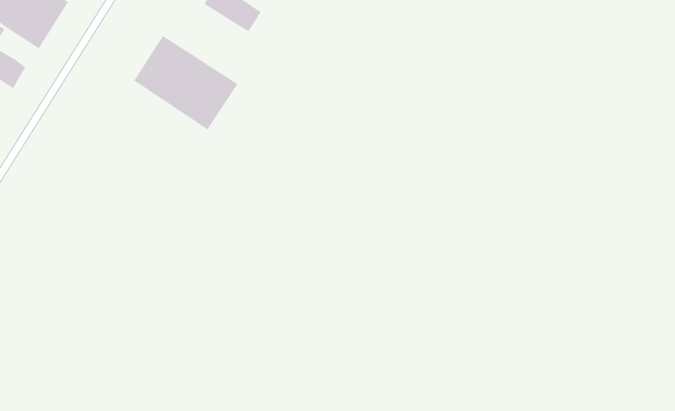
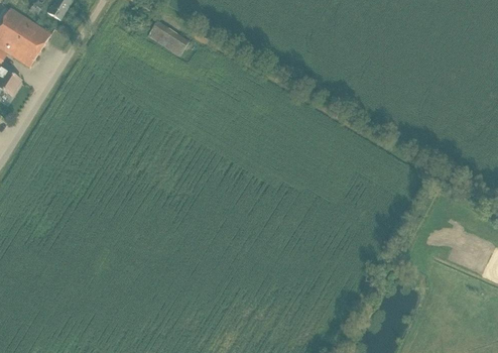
building: [134,35,238,130] -> none

